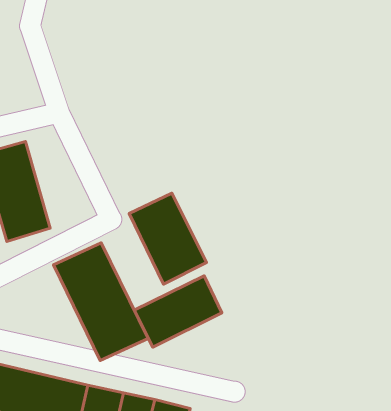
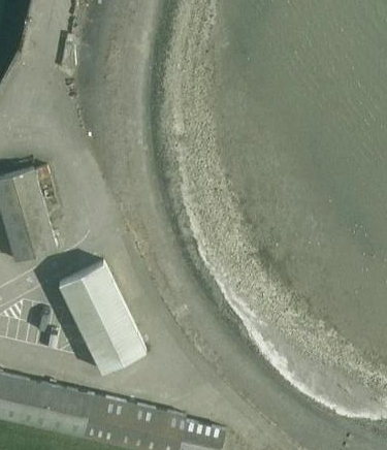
building: [129,193,207,284] -> none
building: [134,276,222,347] -> none

